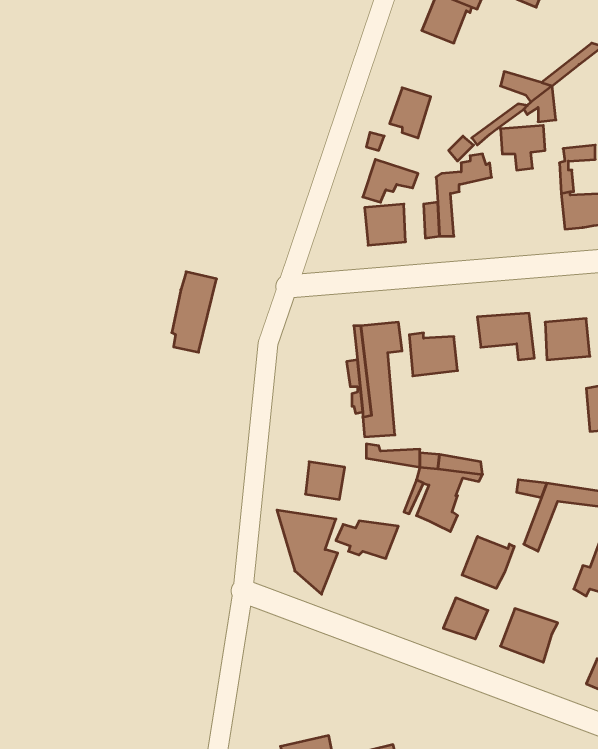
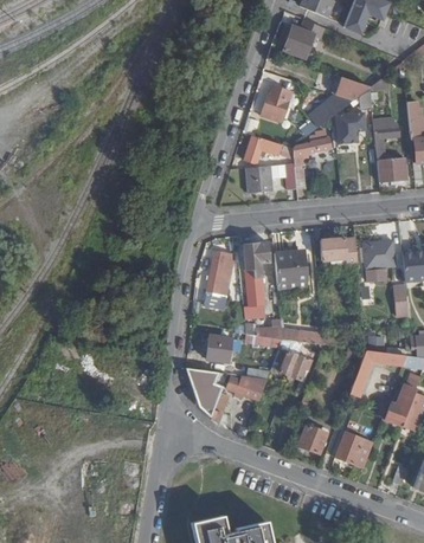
building: [172,272,217,352] -> [205,251,235,304]
building: [462,536,514,588] -> none

